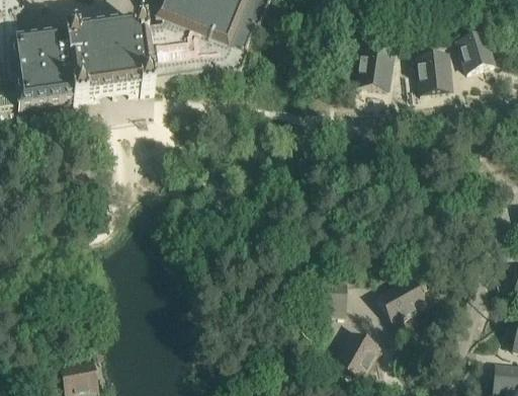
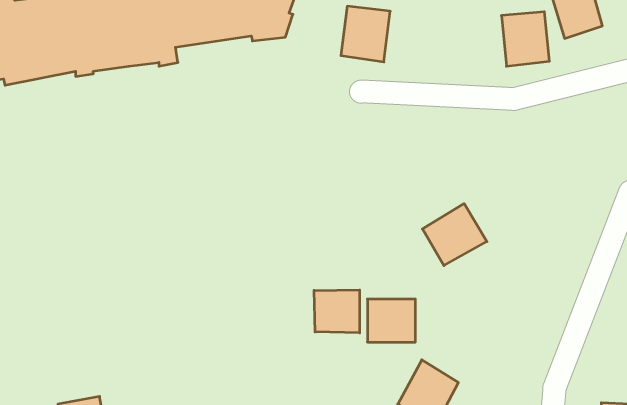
building: [355,43,395,87] -> [341,6,390,62]
building: none -> [314,290,360,333]
building: [376,271,428,321] -> [422,204,487,266]

